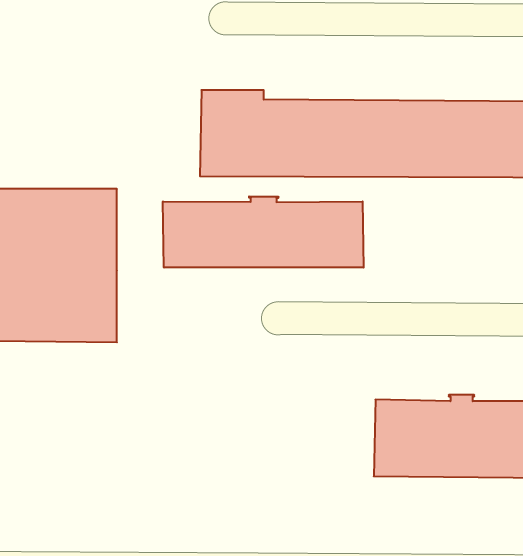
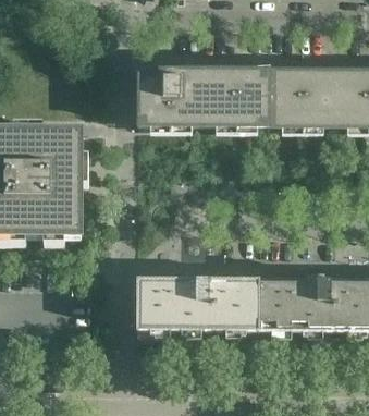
building: [163,196,364,268] -> none
building: none -> [136,271,257,328]

